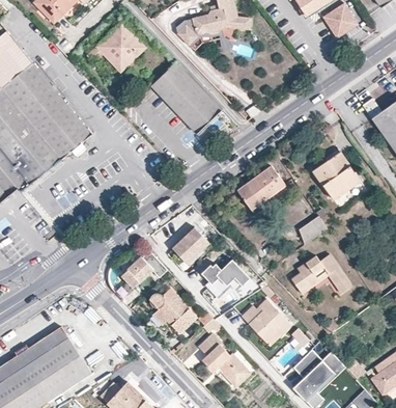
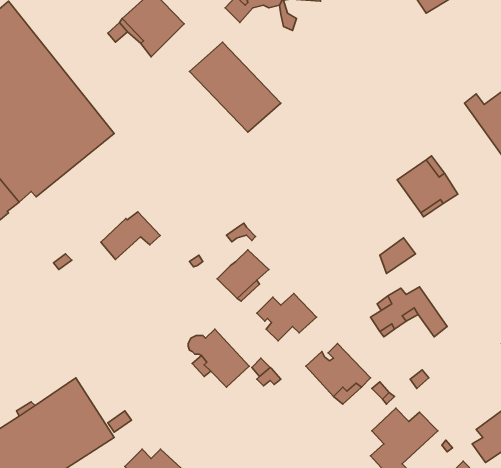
building: [236,164,284,208] -> none
building: [120,250,167,288] -> [101,212,160,259]
building: [198,332,250,385] -> none

